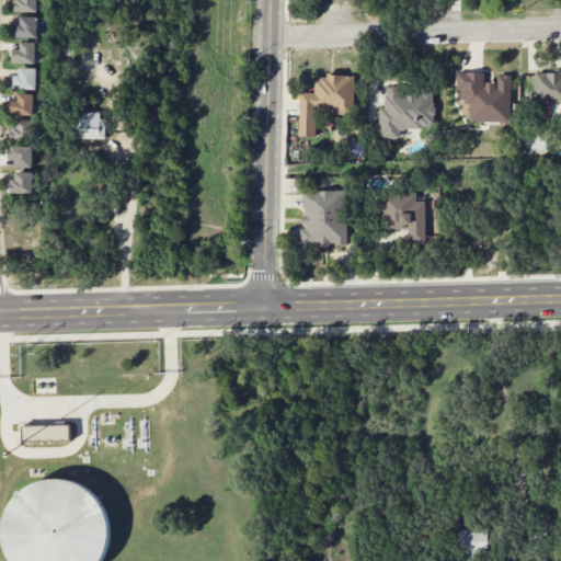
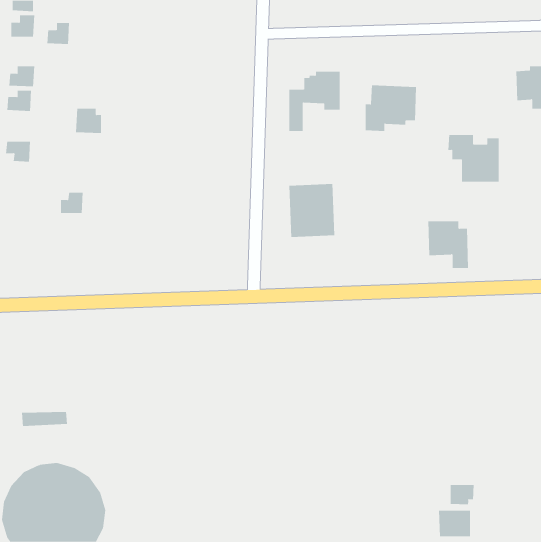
building: [11,42,35,65] -> [47,22,70,45]
building: [456,72,510,122] -> [447,135,499,182]
building: [11,118,33,140] -> none
building: [8,171,32,193] -> [60,192,83,213]
building: [382,193,425,242] -> [427,221,469,269]
building: none -> [450,484,474,505]

